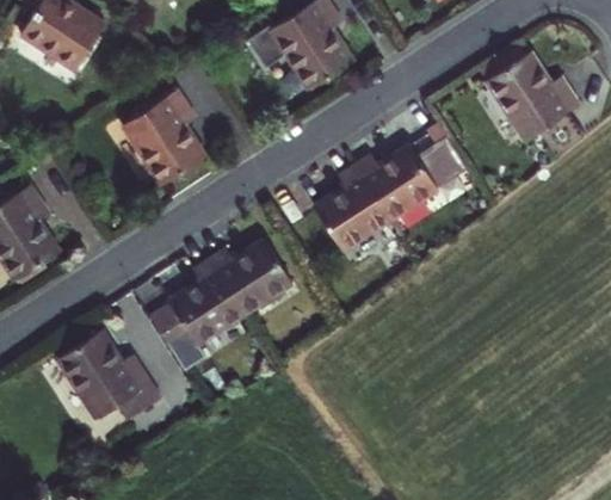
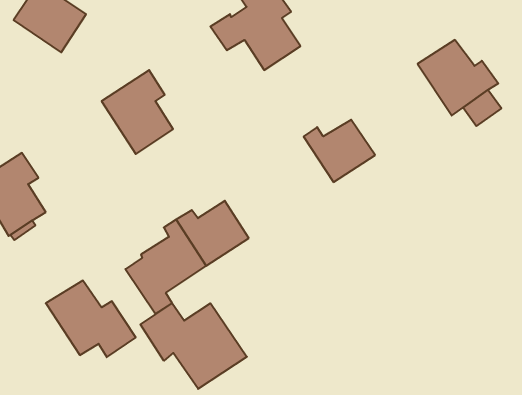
building: [416,137,467,186] -> none
building: [313,165,389,249] -> none
building: none -> [140,303,247,389]

